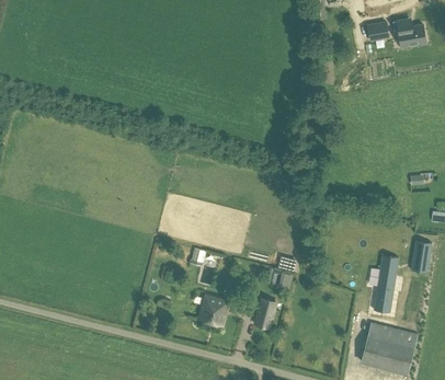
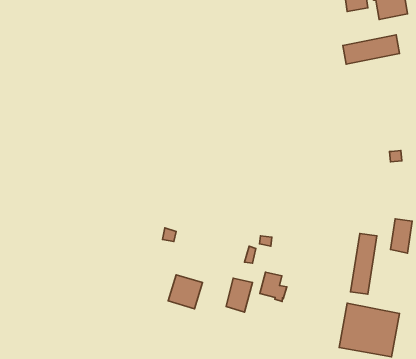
building: none -> [343,35,400,64]
building: none -> [260,272,287,301]

